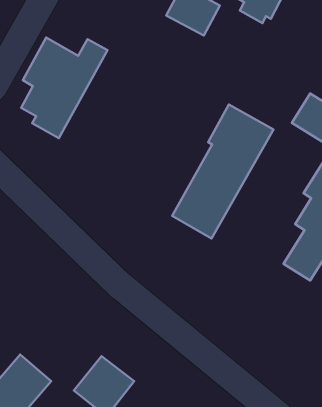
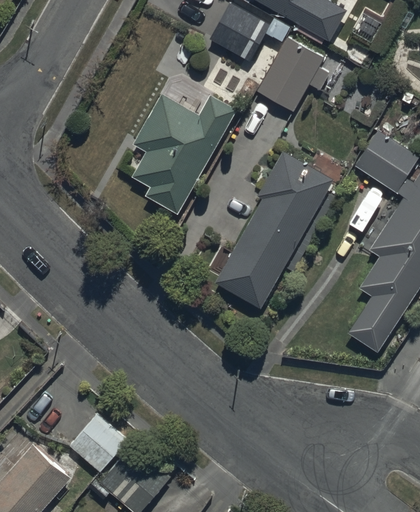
building: none -> [258,37,330,112]
building: [21,37,107,138] -> [134,93,237,213]
building: none -> [69,414,126,471]

